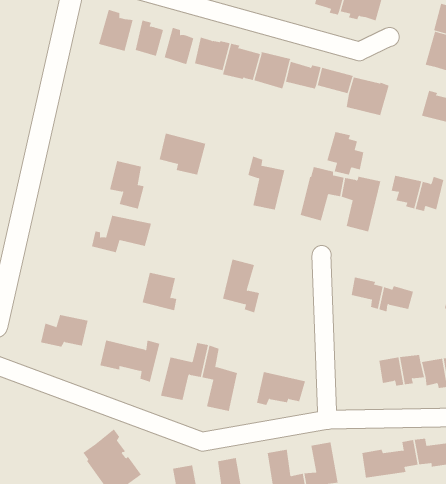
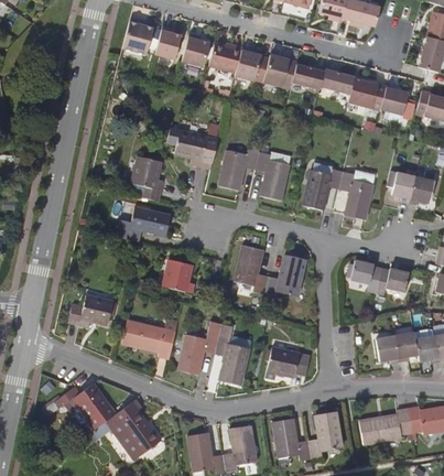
building: [326,131,364,175] -> [378,86,412,126]
building: none -> [219,142,262,190]
building: none -> [263,253,305,295]
building: none -> [47,382,118,426]

